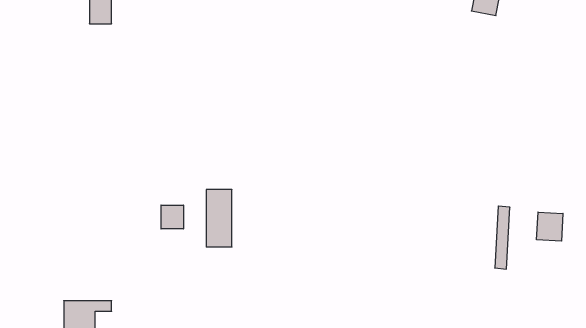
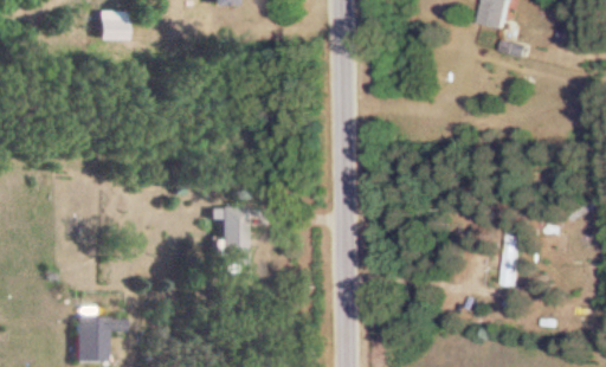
building: [161,205,183,229] -> none
building: [537,212,563,241] -> none

